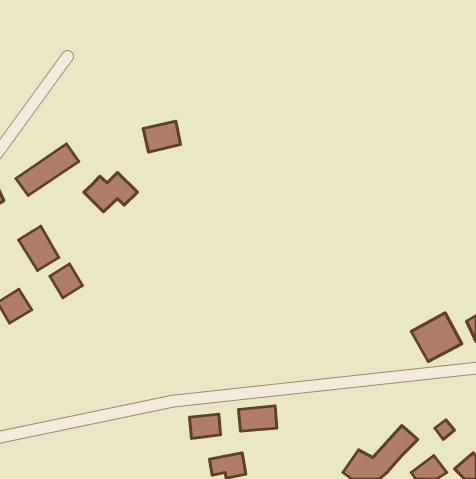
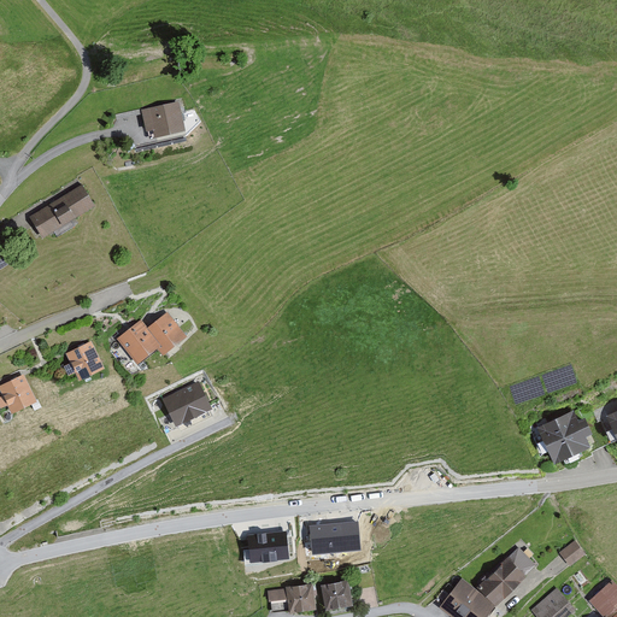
building: [143,121,181,152] -> [143,100,192,140]
building: [84,172,137,212] -> [119,313,188,364]
building: [18,226,59,270] -> none
building: none -> [158,381,210,425]
building: none -> [322,580,351,606]

